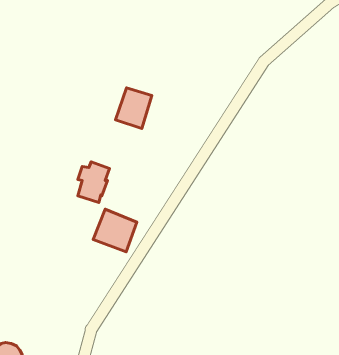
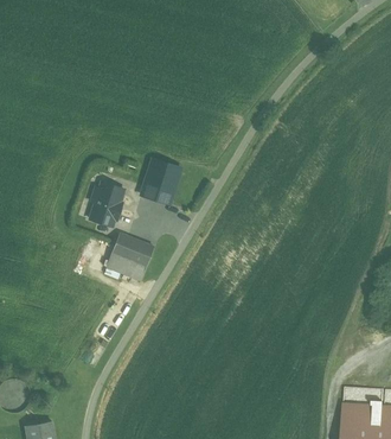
building: [116,88,152,128] -> [140,160,179,204]

